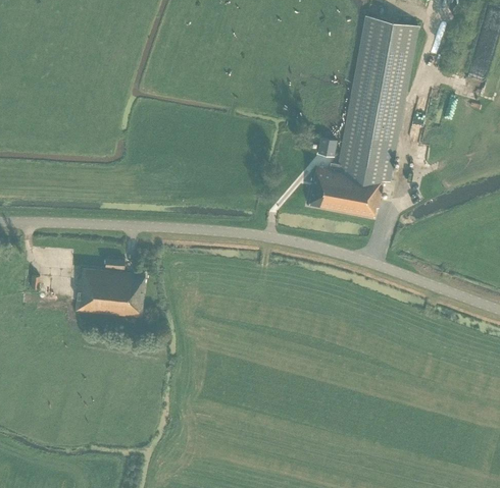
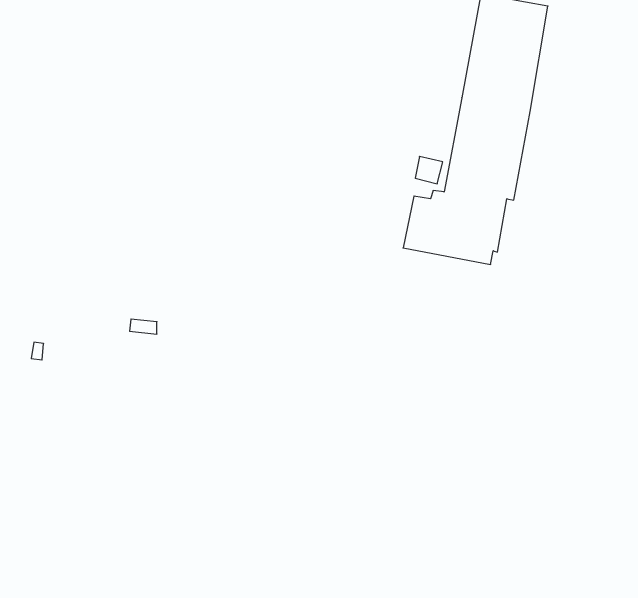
building: [74,269,144,317] -> none

